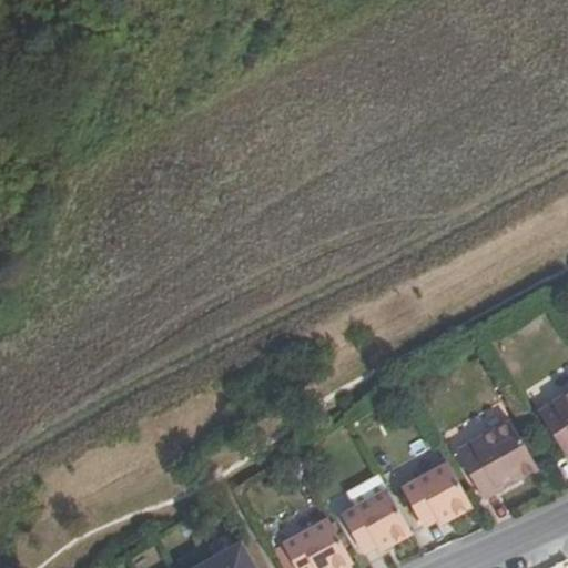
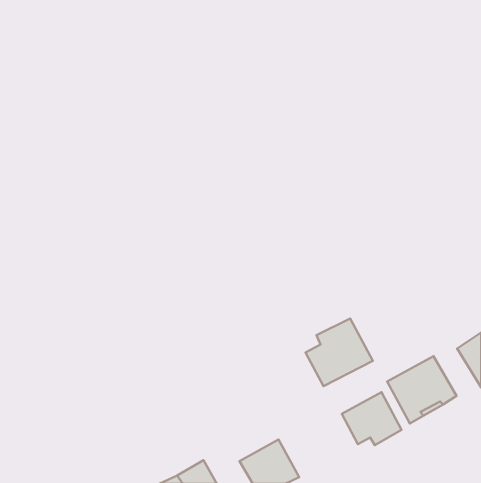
building: none -> [305,319,373,386]
building: [341,487,410,548] -> none

